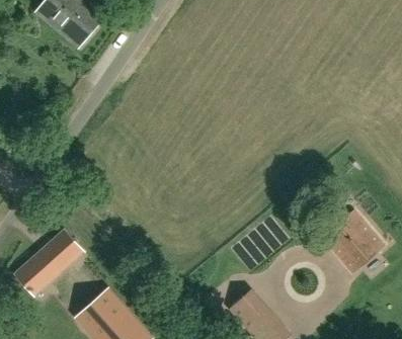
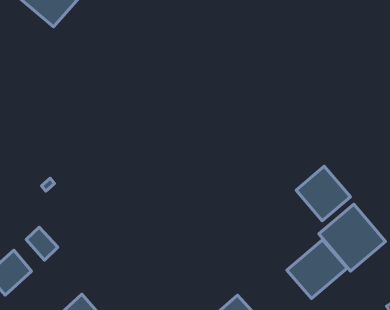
building: none -> [296,166,350,221]
building: none -> [287,240,347,299]

